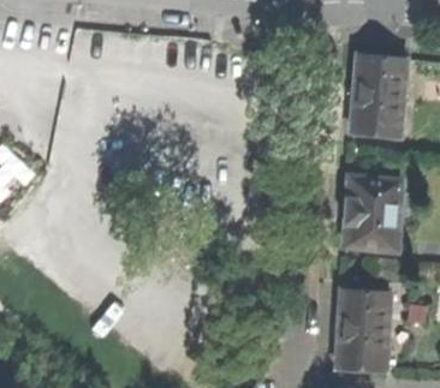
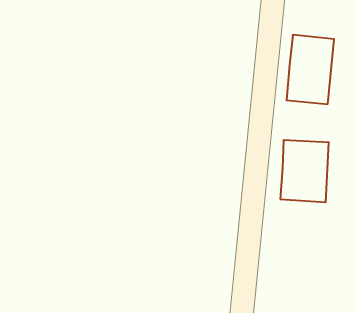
building: [337,291,390,370] -> none

